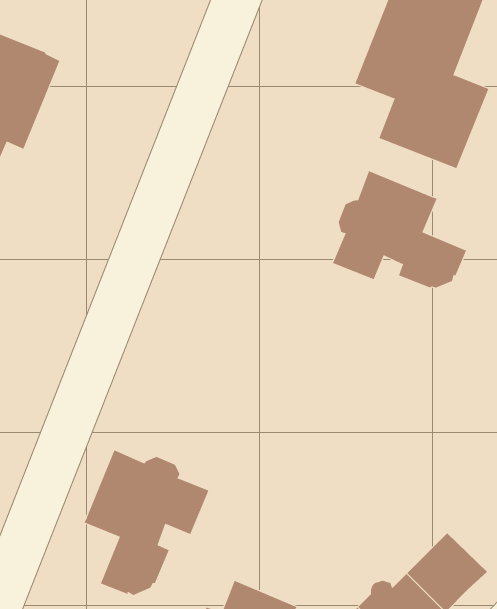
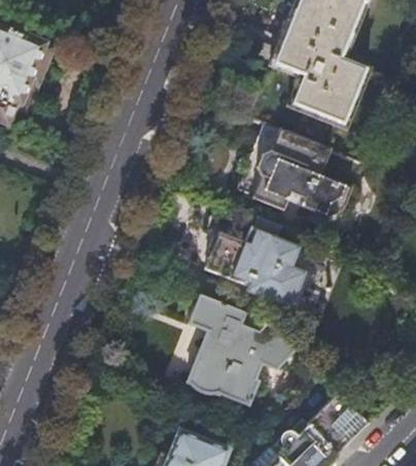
building: none -> [204,217,306,310]
building: none -> [187,296,293,405]
building: [84,449,209,596] -> none

